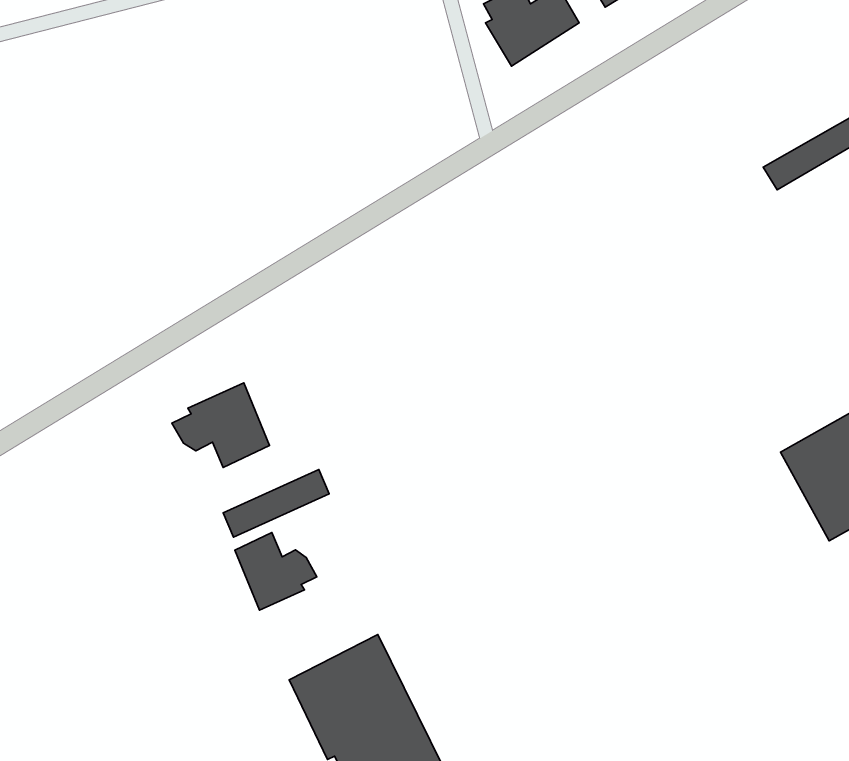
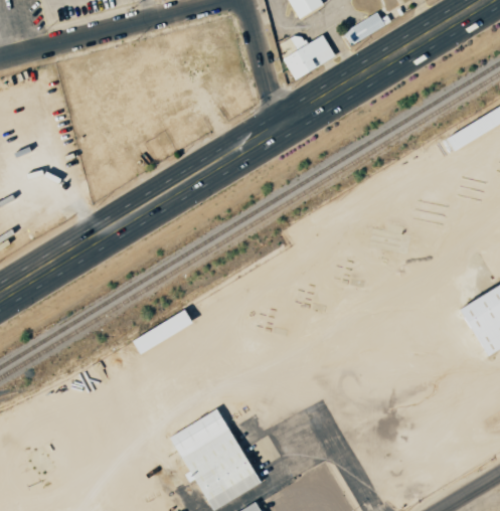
building: [172,383,269,467] -> none
building: [235,533,317,610] -> none

